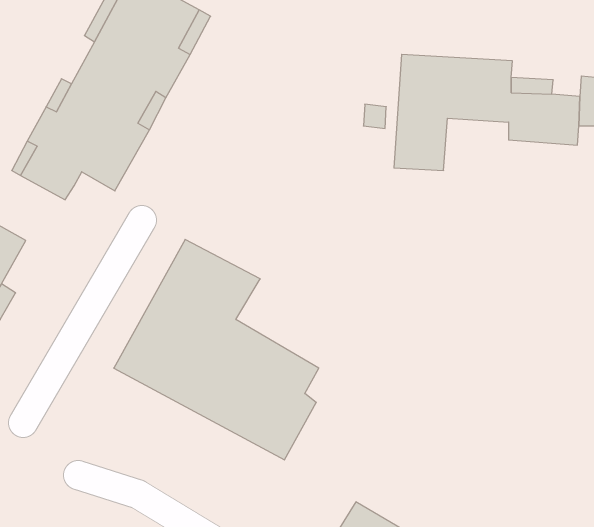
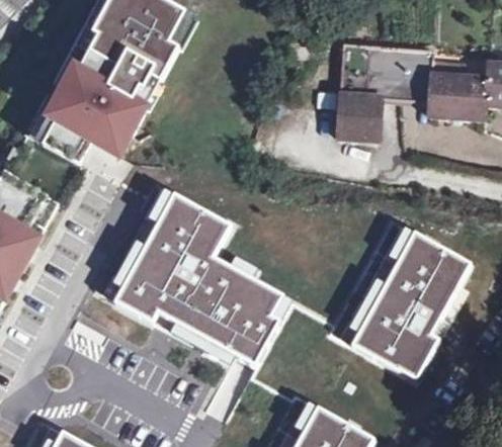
building: none -> [341,227,473,375]

